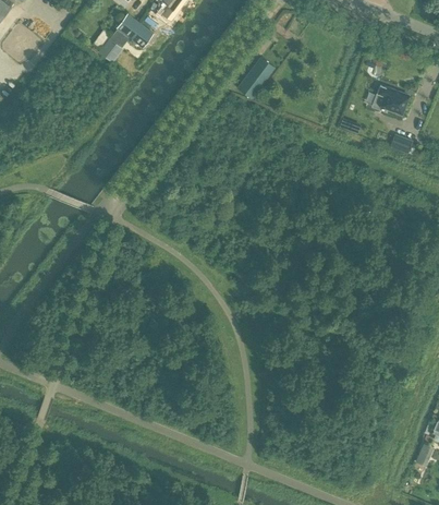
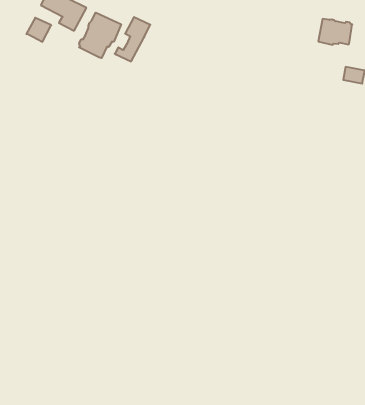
building: none -> [79,13,121,58]
building: [236,57,275,98] -> [115,17,150,61]

